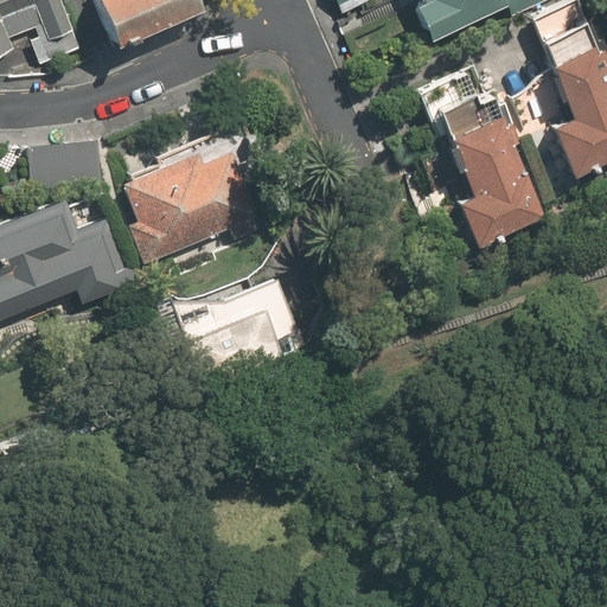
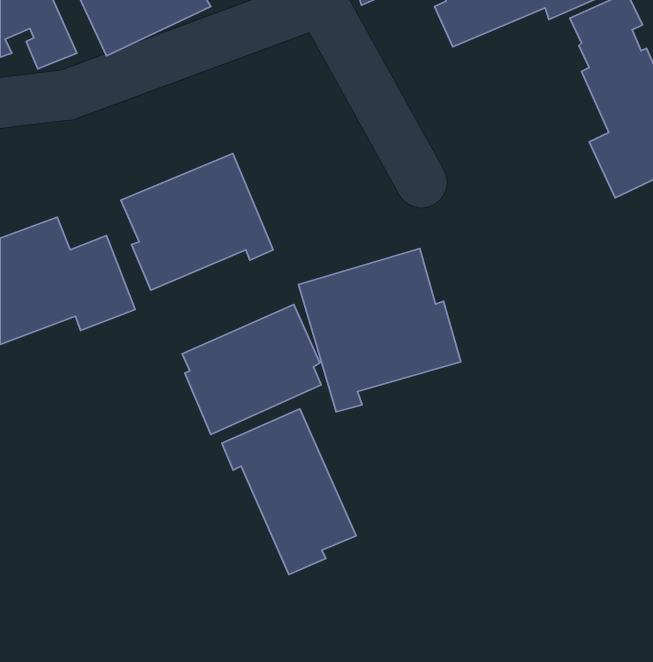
building: [420,69,545,248] -> none
building: none -> [299,249,461,412]
building: none -> [222,409,356,574]

